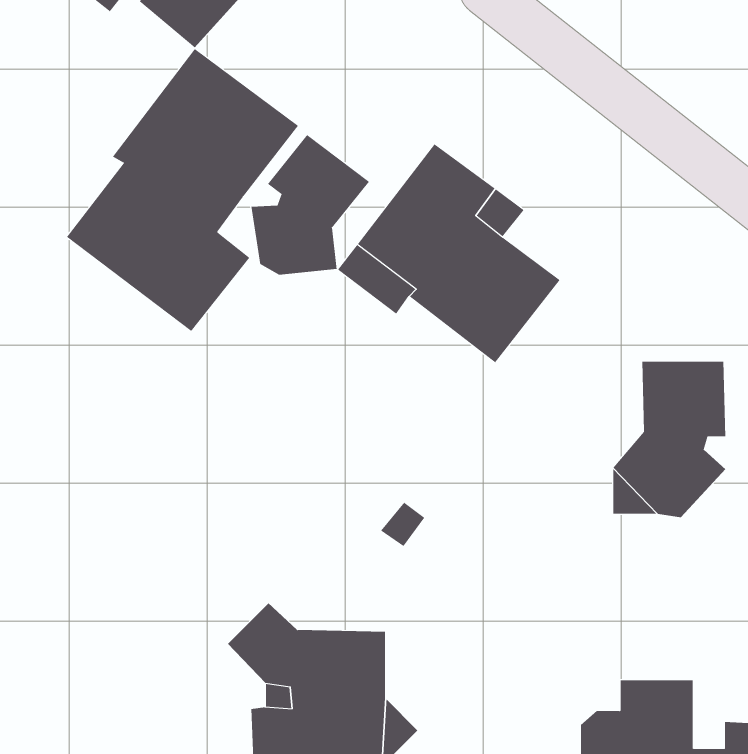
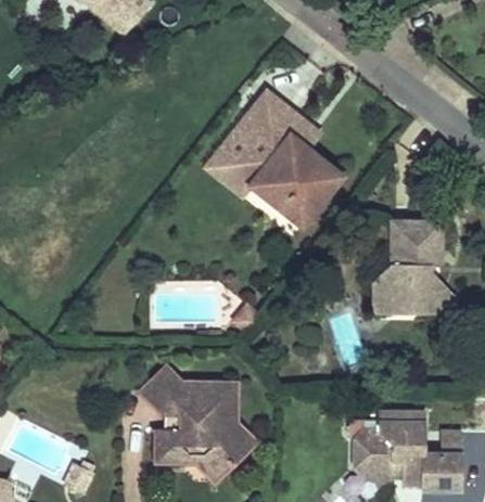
building: [66,48,299,332] -> none
building: [251,134,370,275] -> none

